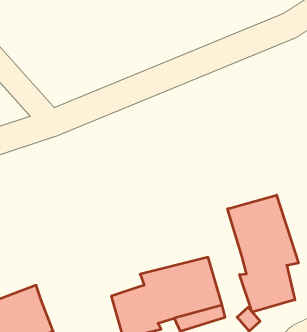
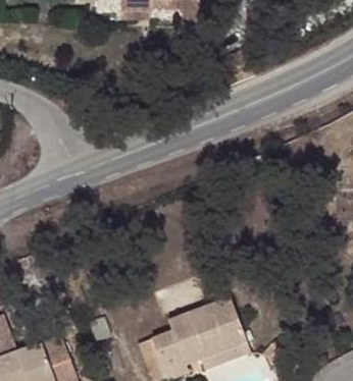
building: [228,195,298,312] -> none

